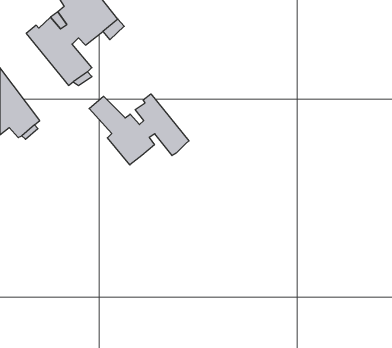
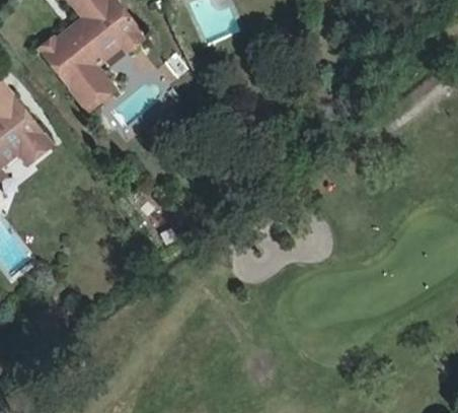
building: [89,94,189,165] -> none

